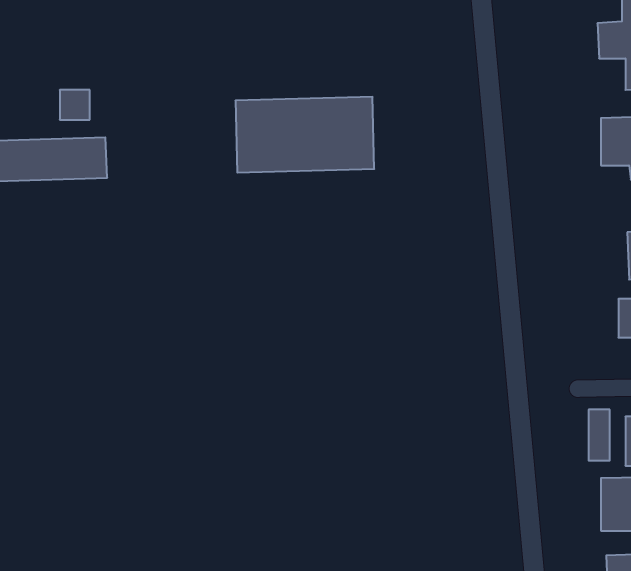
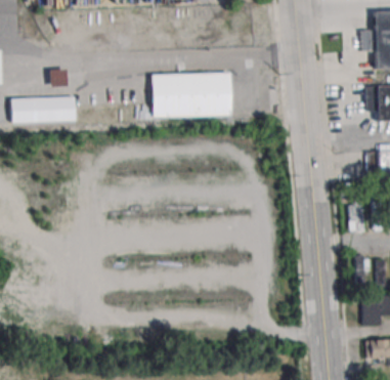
building: none -> [348,200,362,229]

